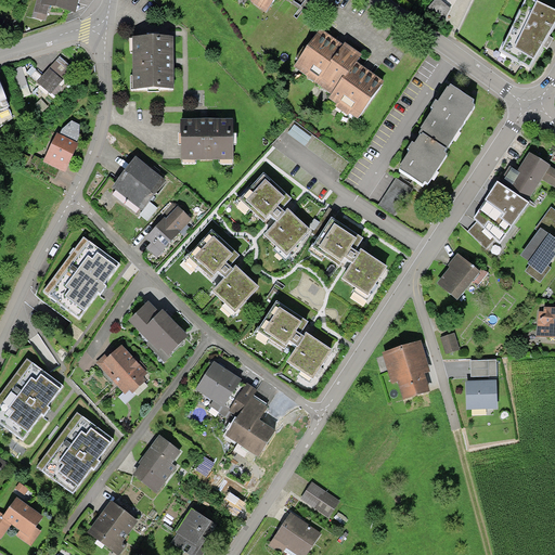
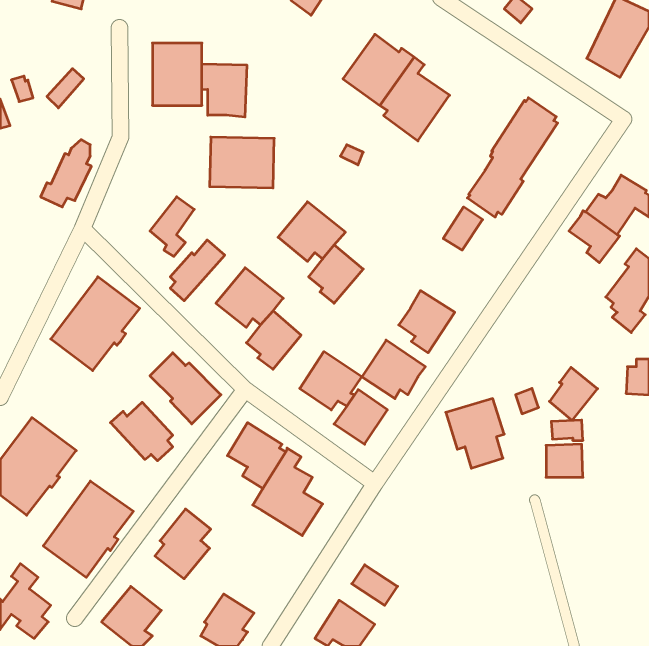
building: none -> [202,64,247,117]
building: [112,156,151,197] -> none
building: [468,197,512,247] -> none
building: [311,217,365,267] -> [362,340,425,399]
building: [438,253,479,298] -> [549,367,598,420]

